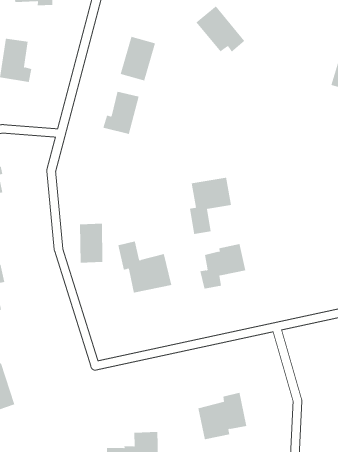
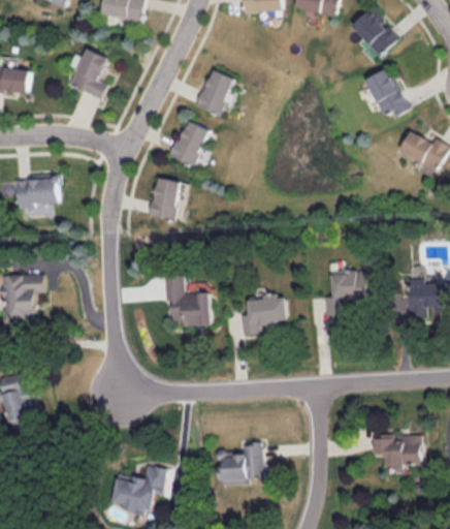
building: [195,5,245,52] -> [366,67,413,117]
building: [189,177,232,235] -> [324,271,367,322]
building: [79,223,103,263] -> [150,178,180,220]

